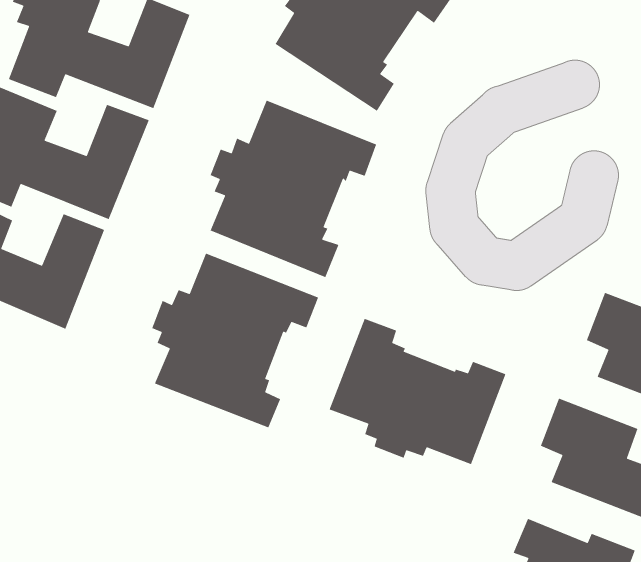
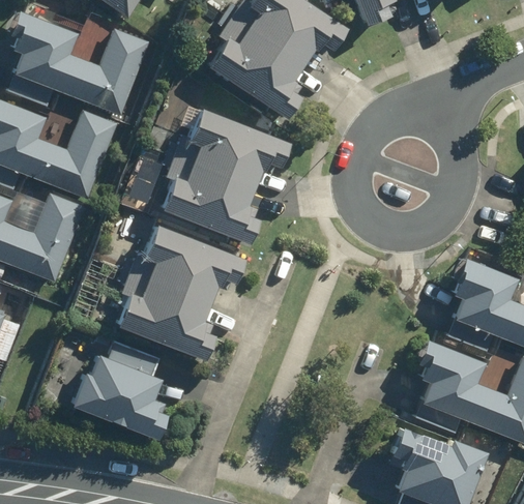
building: [328,318,507,465] -> none
building: none -> [75,344,168,440]

